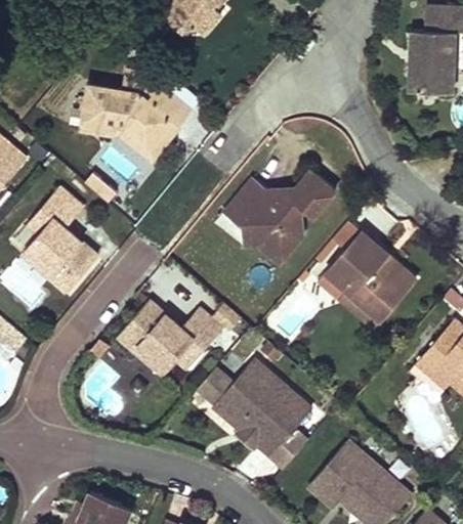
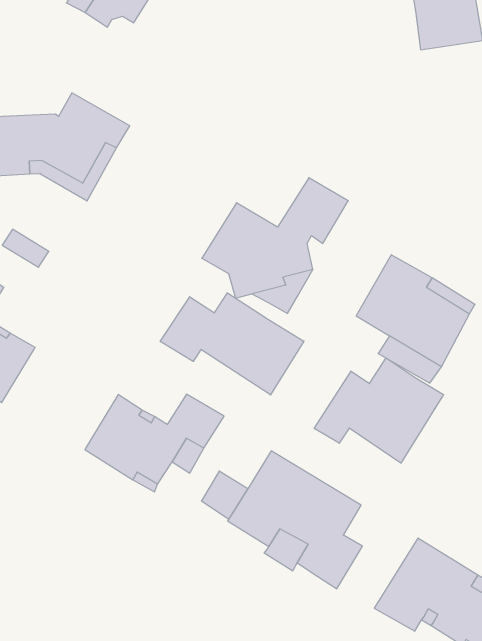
building: none -> [160,293,304,395]
building: none -> [314,358,444,463]

